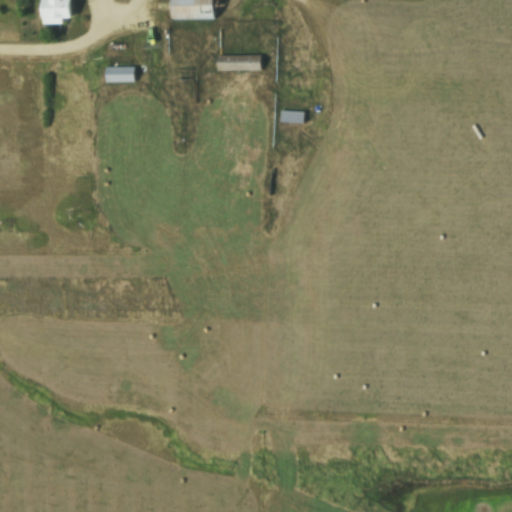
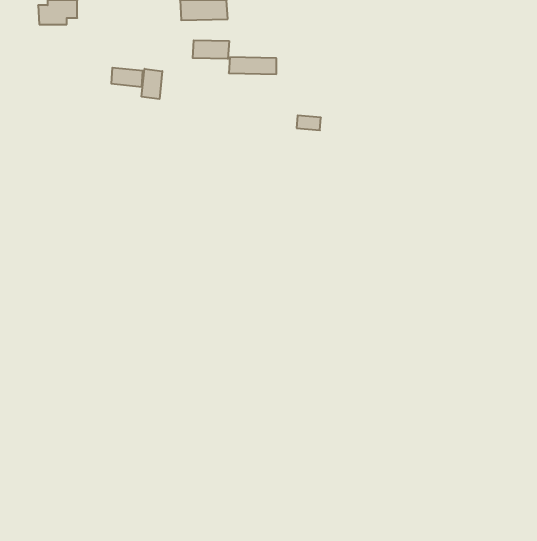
building: none -> [193,40,229,59]
building: none -> [142,69,162,99]

